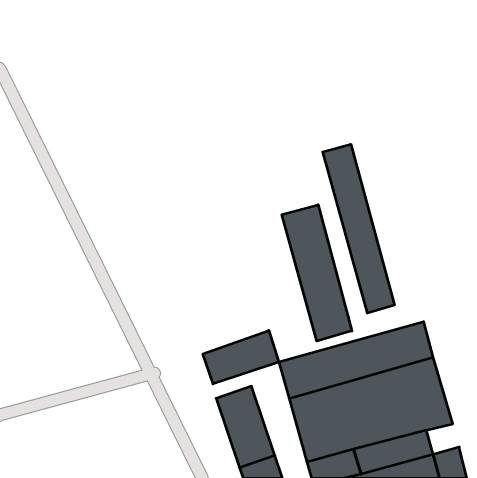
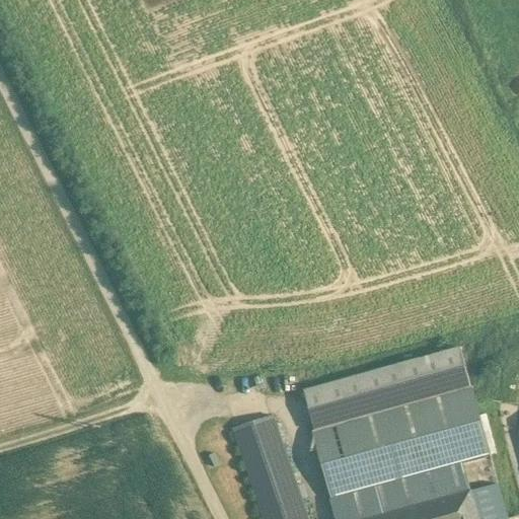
building: [323,144,394,313] -> none
building: [282,205,352,341] -> none
building: [203,330,279,384] -> none

